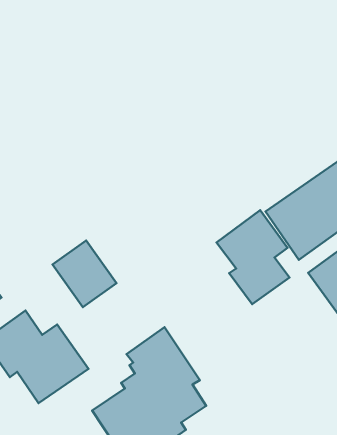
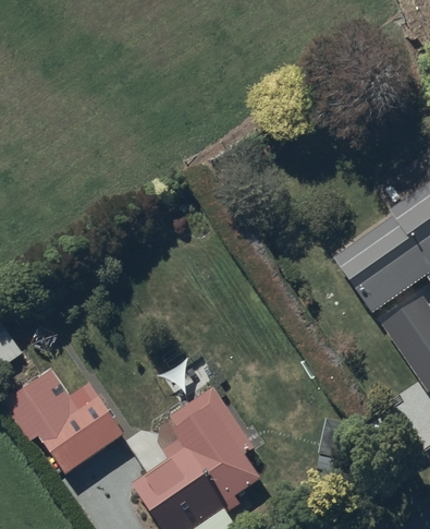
building: [217,210,289,304] -> none
building: [52,241,116,307] -> none

